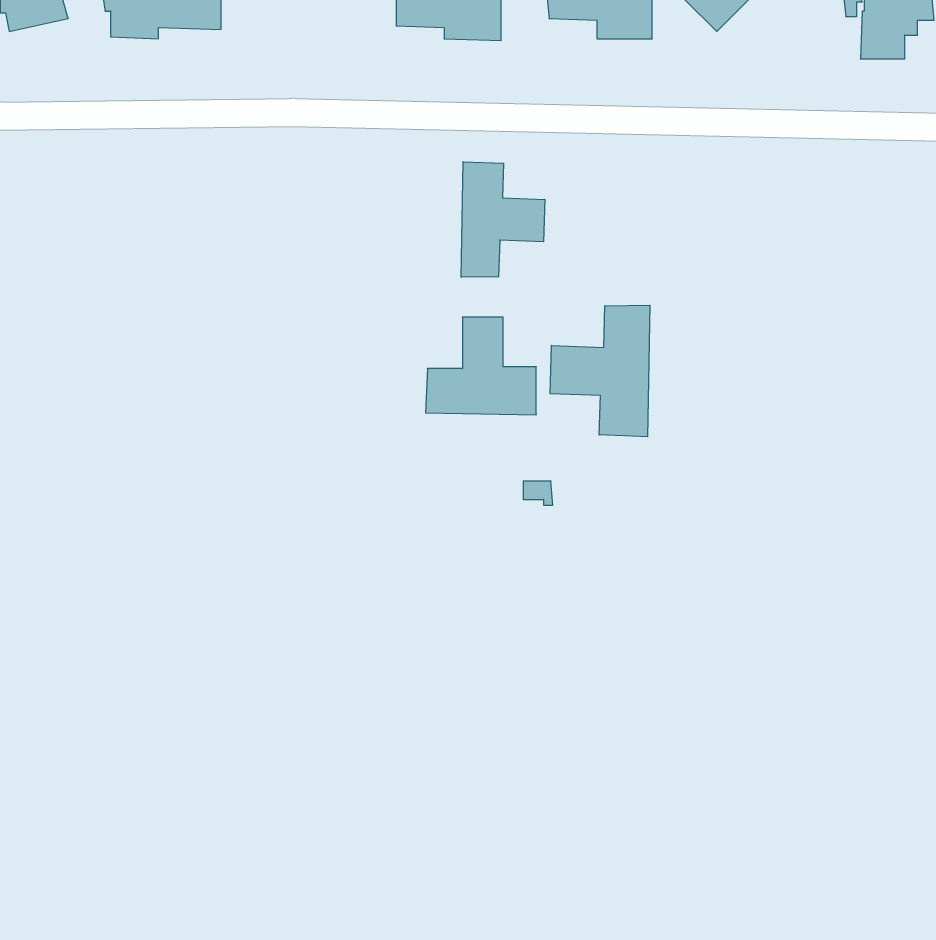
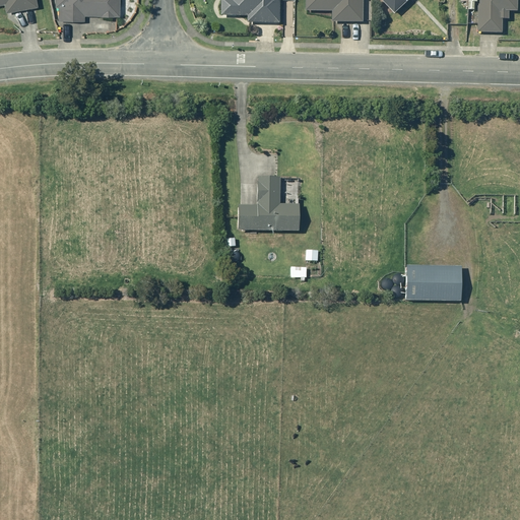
building: [461,162,545,277] -> none
building: [550,305,650,437] -> none
building: none -> [407,263,462,299]

